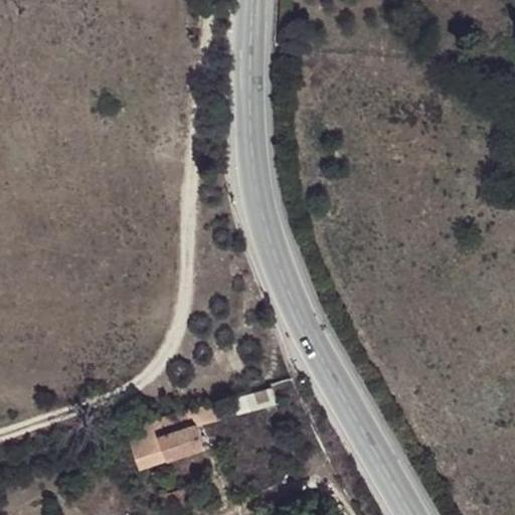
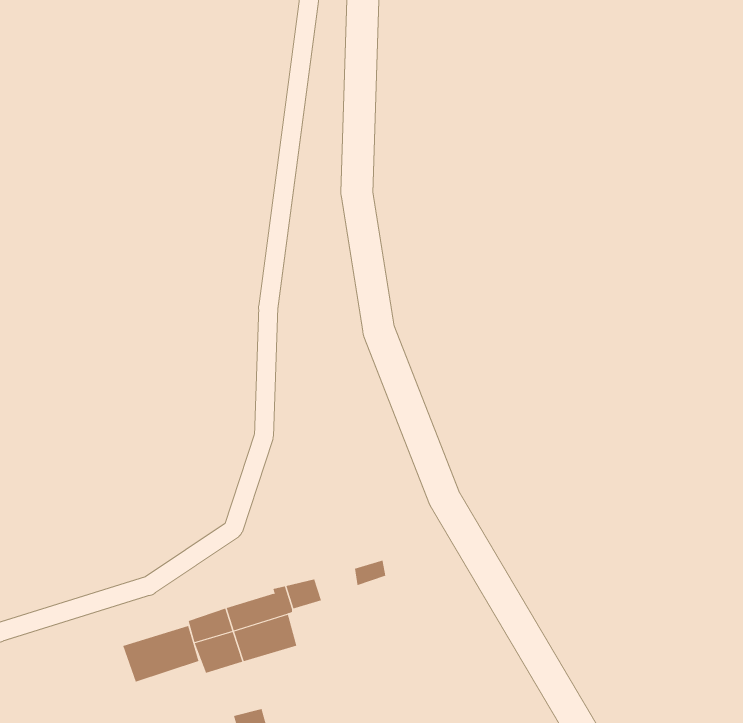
building: none -> [123,625,199,682]

